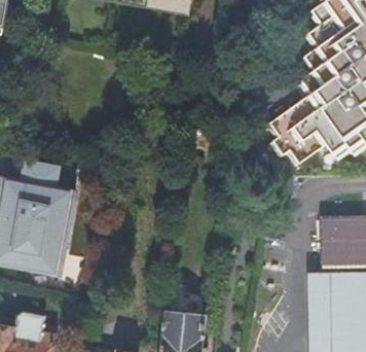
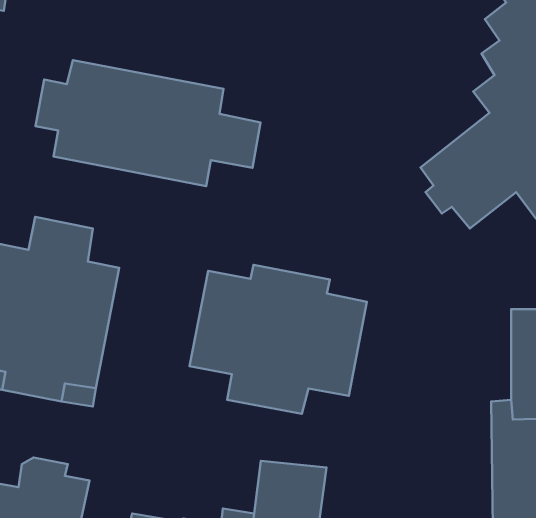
building: none -> [35,60,260,186]
building: none -> [189,265,367,414]

